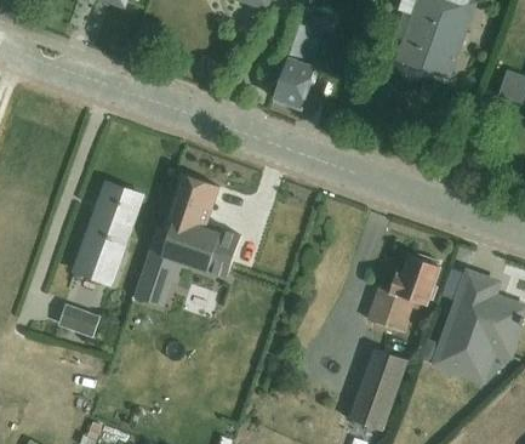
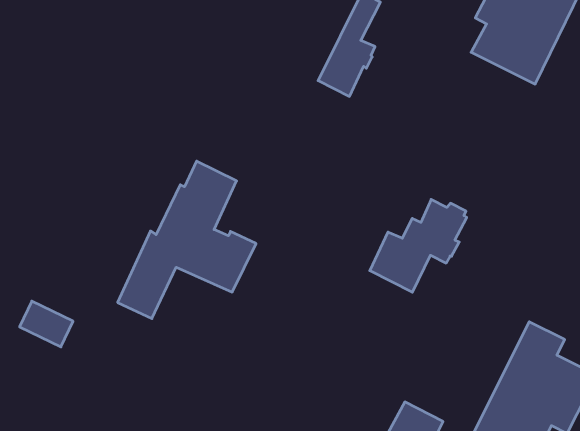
building: [73,182,142,286] -> none
building: [366,256,439,332] -> [370,199,467,292]

